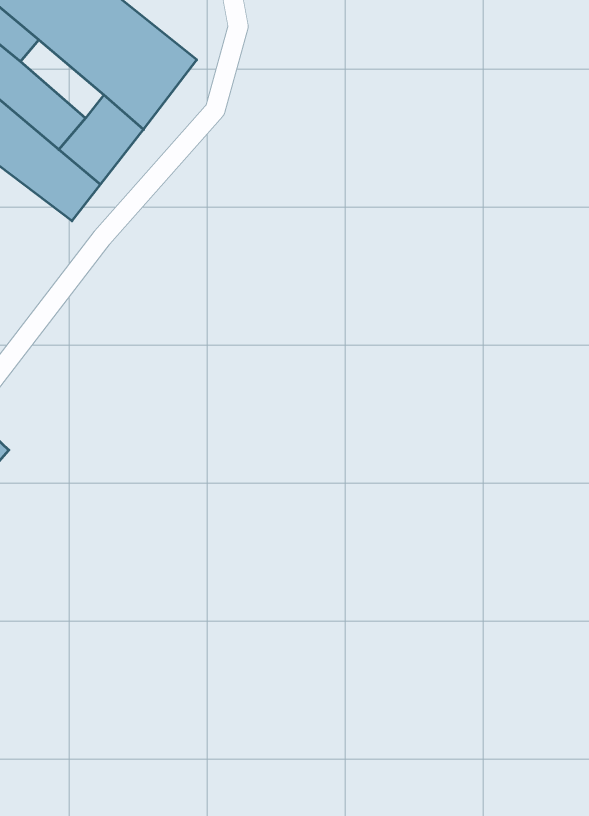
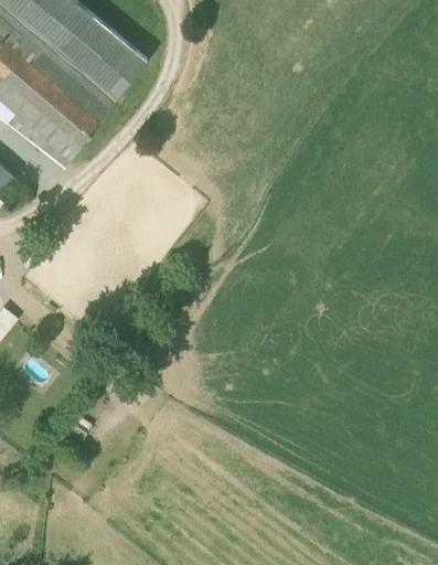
building: none -> [30,46,85,98]

